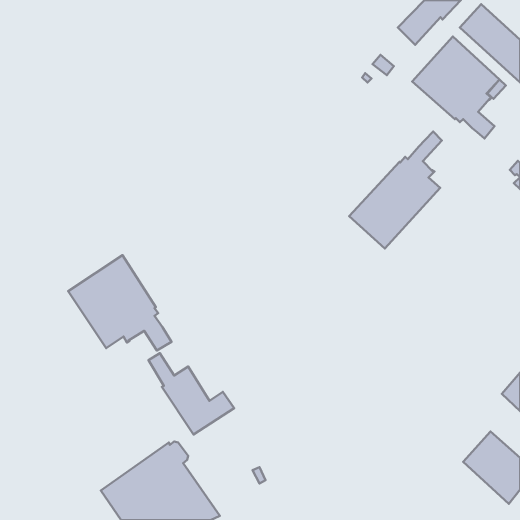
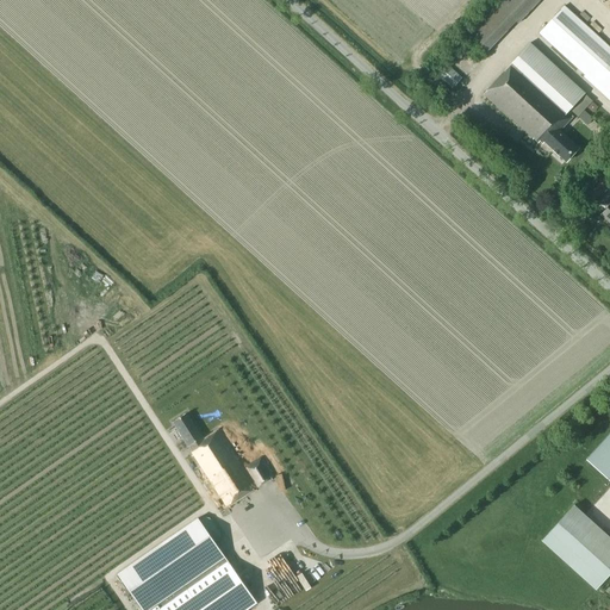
building: [349,131,442,249] -> none
building: [68,255,171,351] -> none

